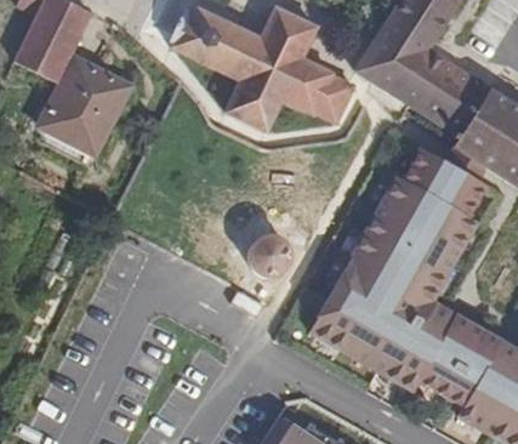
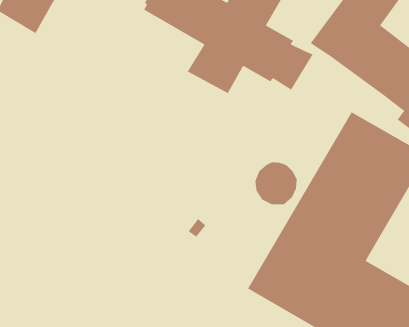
building: [36,52,135,165] -> none
building: [247,230,294,277] -> [254,162,298,205]

